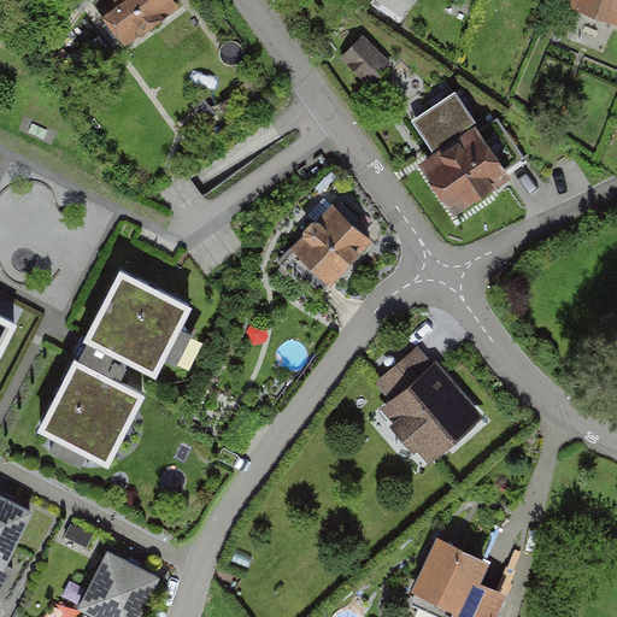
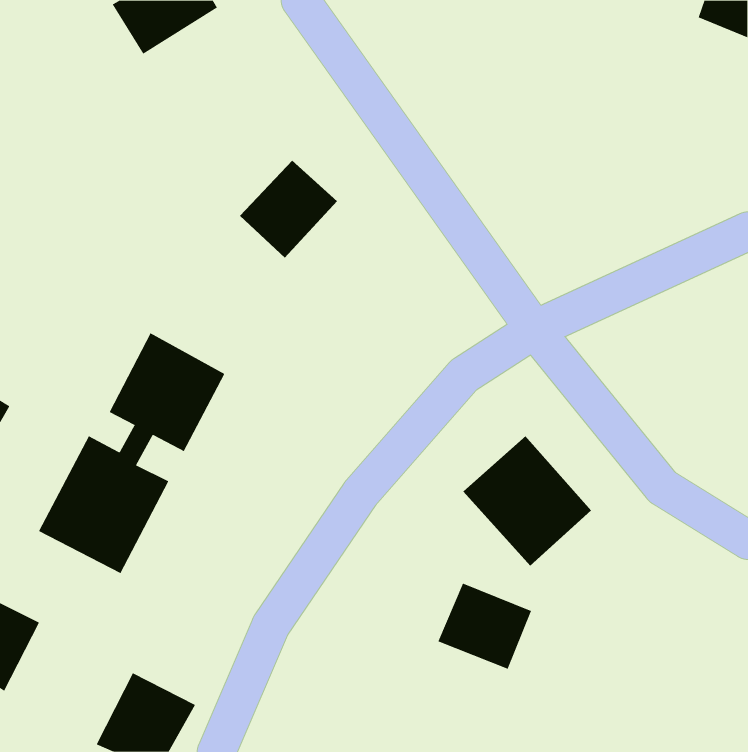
building: [336,35,389,87] -> none
building: [405,94,507,211] -> none
building: [293,202,374,283] -> [239,160,338,258]
building: [415,539,492,610] -> [438,583,532,670]

